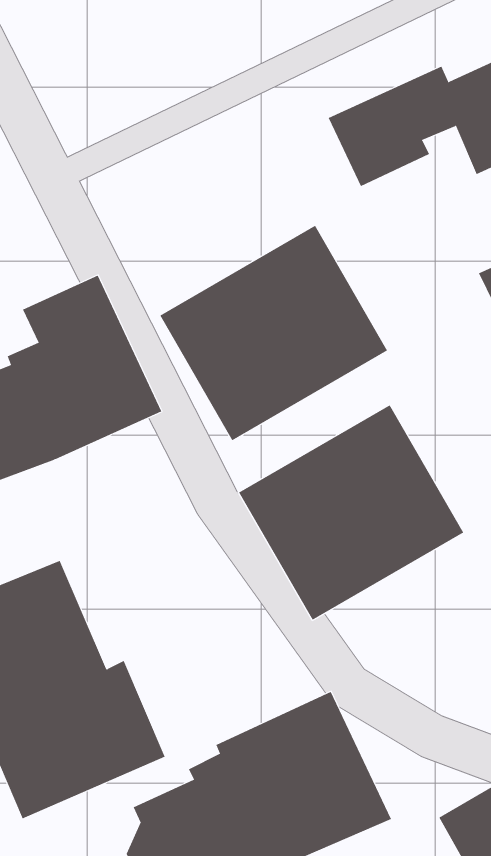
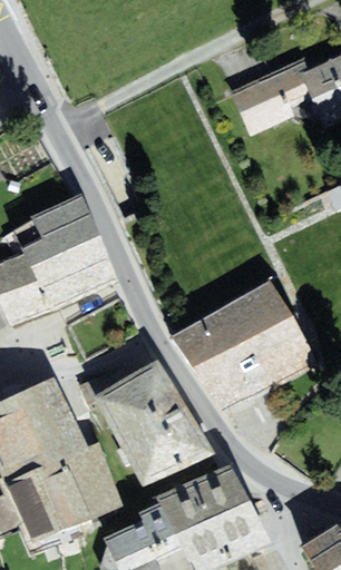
building: [160,225,388,441] -> none
building: none -> [78,357,216,488]

